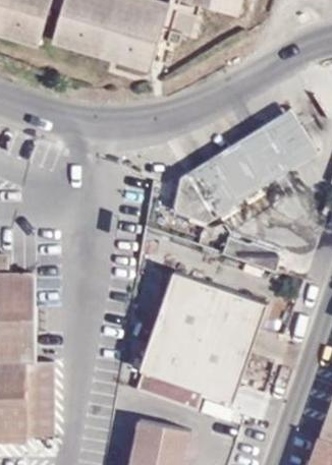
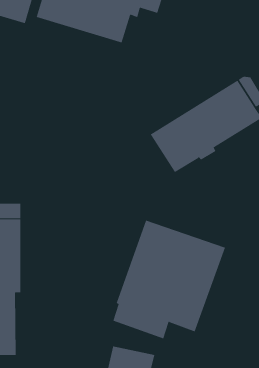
building: [169,175,210,224] -> none
building: [24,360,52,433] -> none

